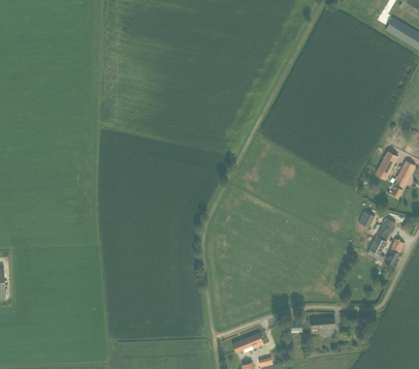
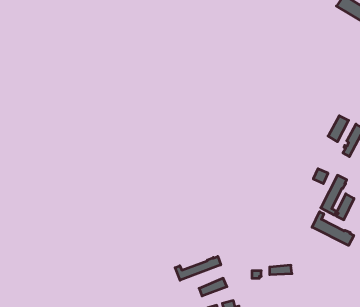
building: none -> [312,212,354,245]
building: none -> [175,256,221,280]

